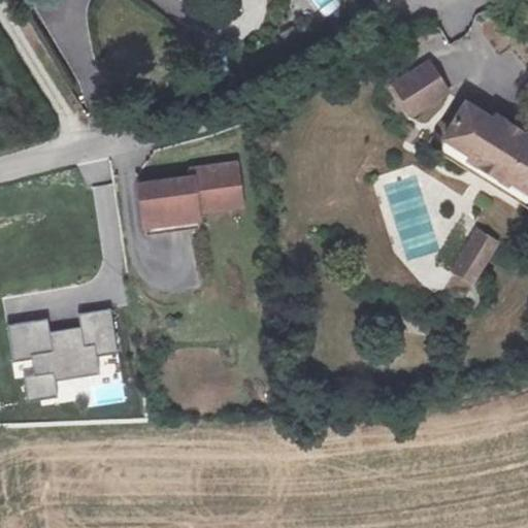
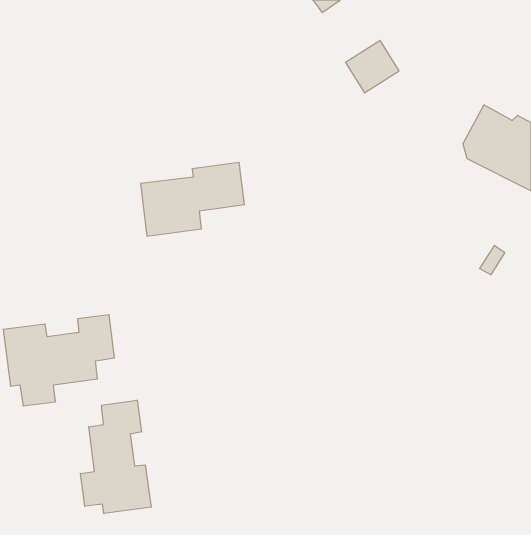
building: [401,64,454,116] -> [345,40,399,93]
building: none -> [80,400,151,514]

